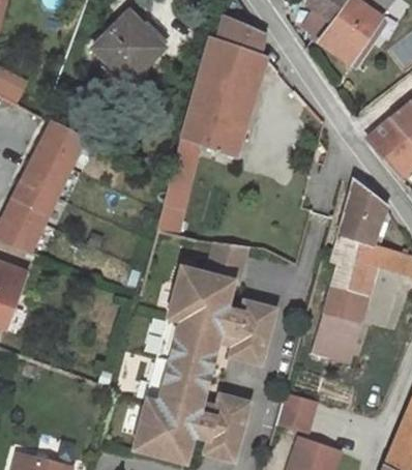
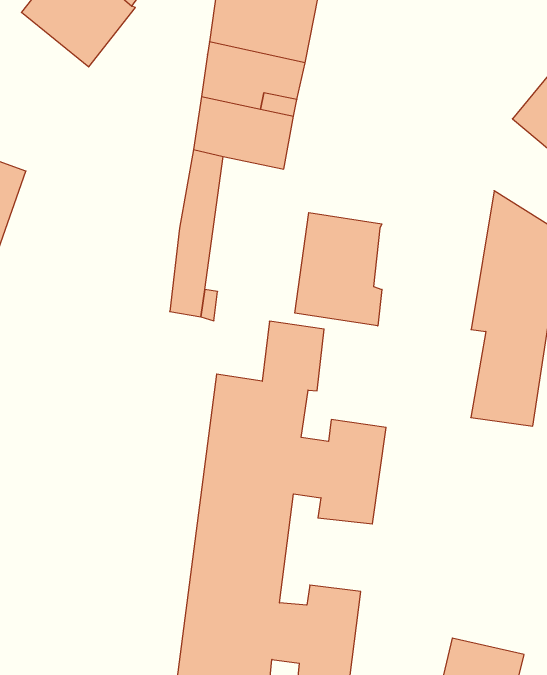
building: none -> [295,213,382,326]
building: [314,312,359,359] -> none
building: [277,392,315,431] -> none

